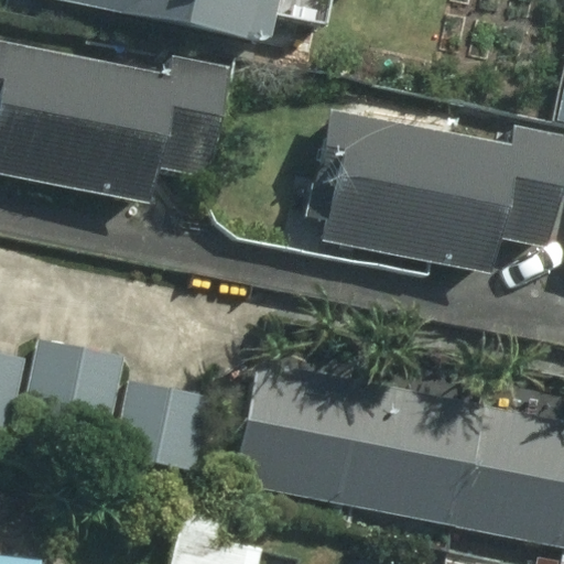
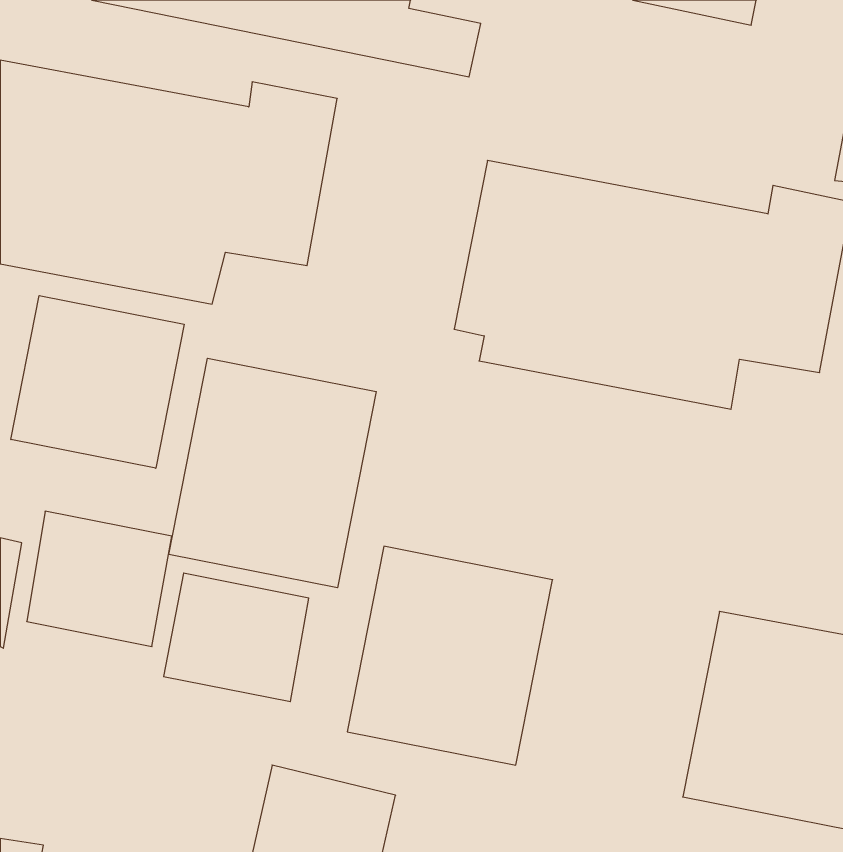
building: none -> [11,296,184,468]
building: none -> [169,358,376,588]
building: [347,383,481,527] -> none

